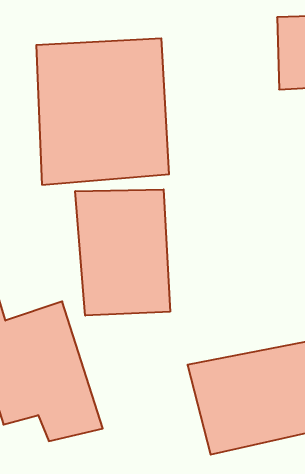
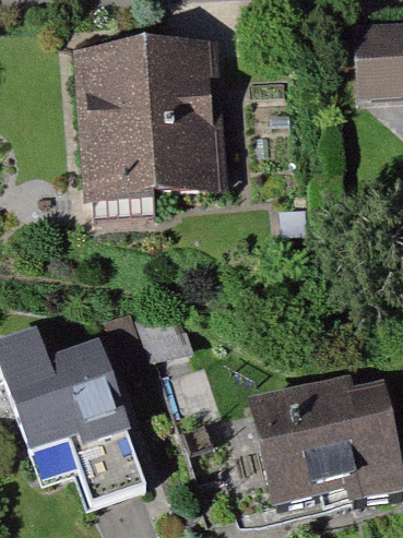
building: [75,189,170,316] -> none

